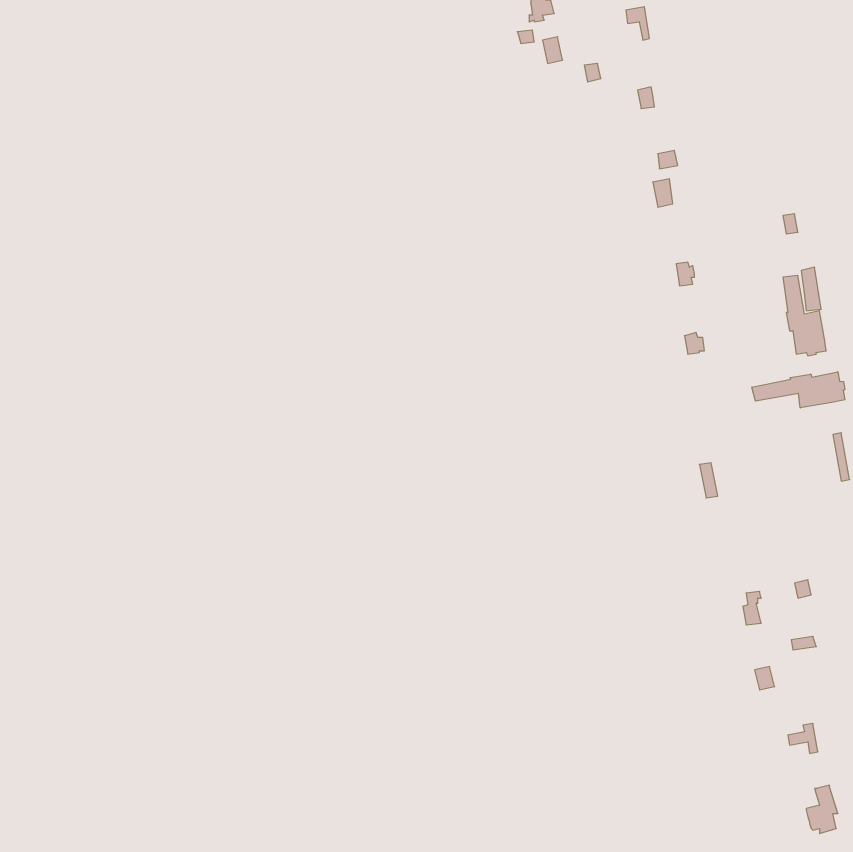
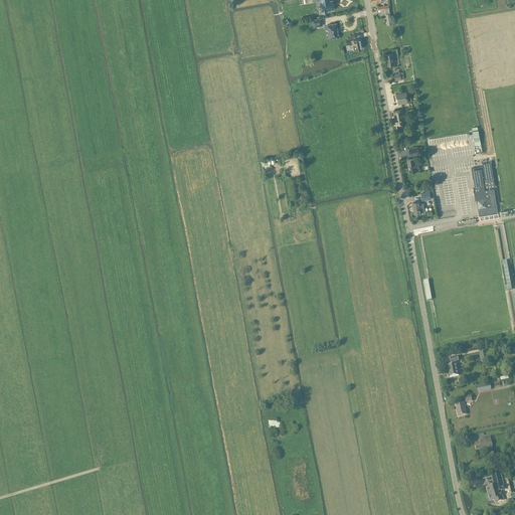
building: [752,372,845,408] -> none

